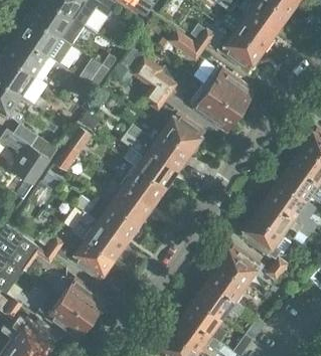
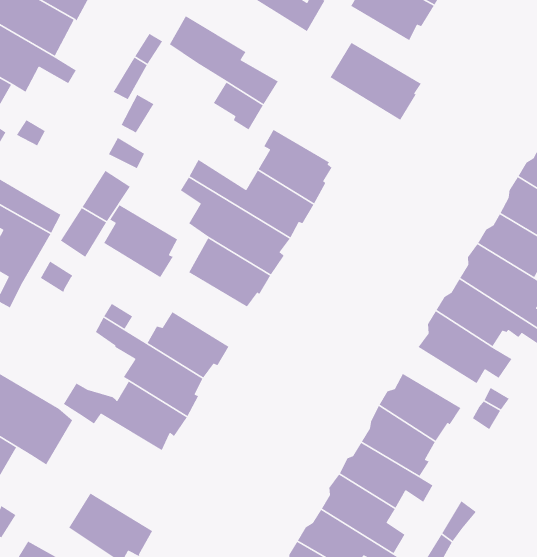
building: [192,85,242,130] -> none
building: [112,184,152,225] -> [103,204,178,278]
building: [55,279,103,321] -> none

